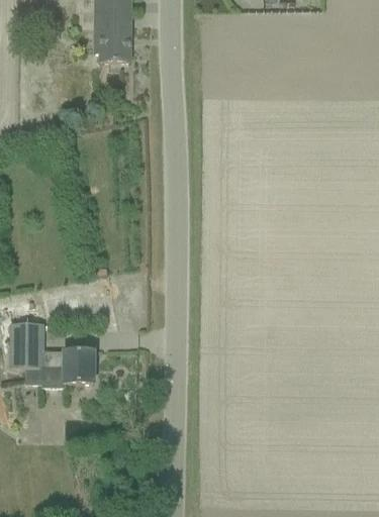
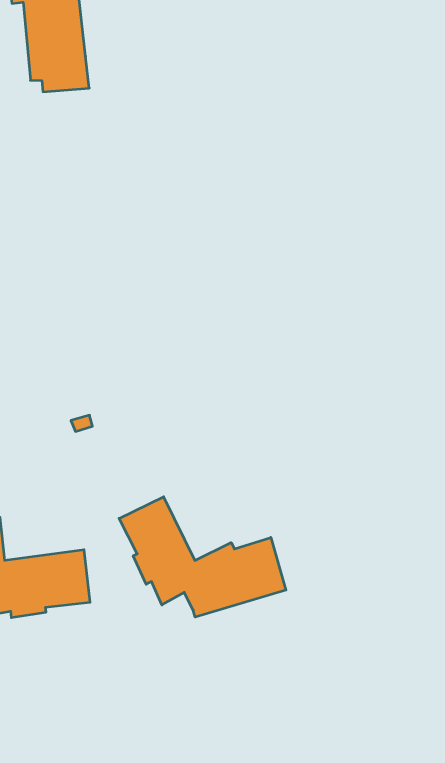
building: none -> [119,497,286,617]

